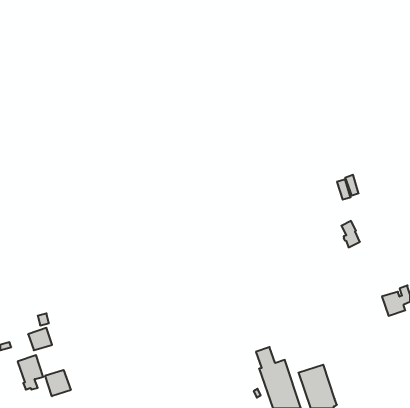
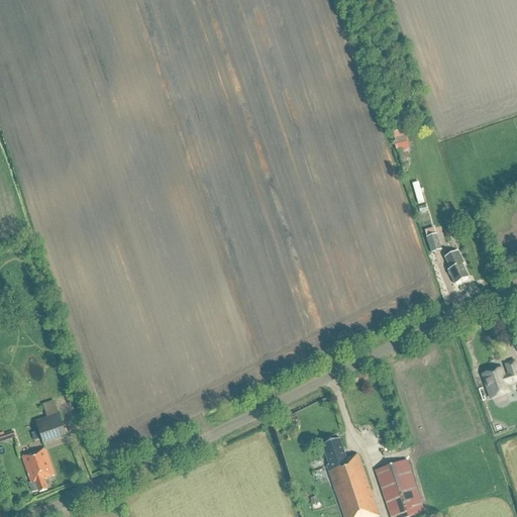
building: [341,221,360,247] -> [445,250,469,284]
building: [45,370,71,396] -> none

